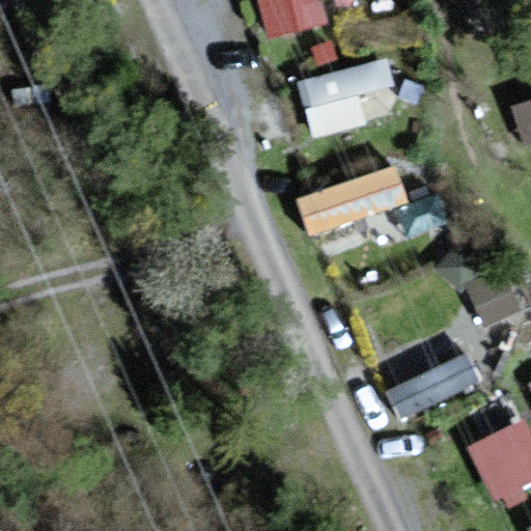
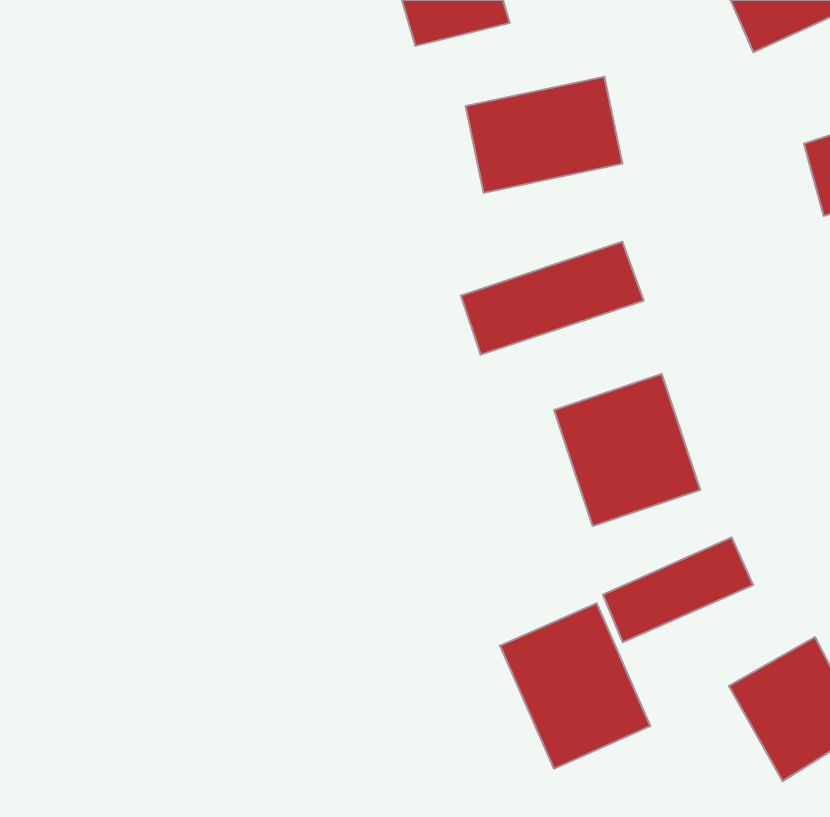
building: none -> [554,374,700,526]
building: none -> [500,603,650,769]

